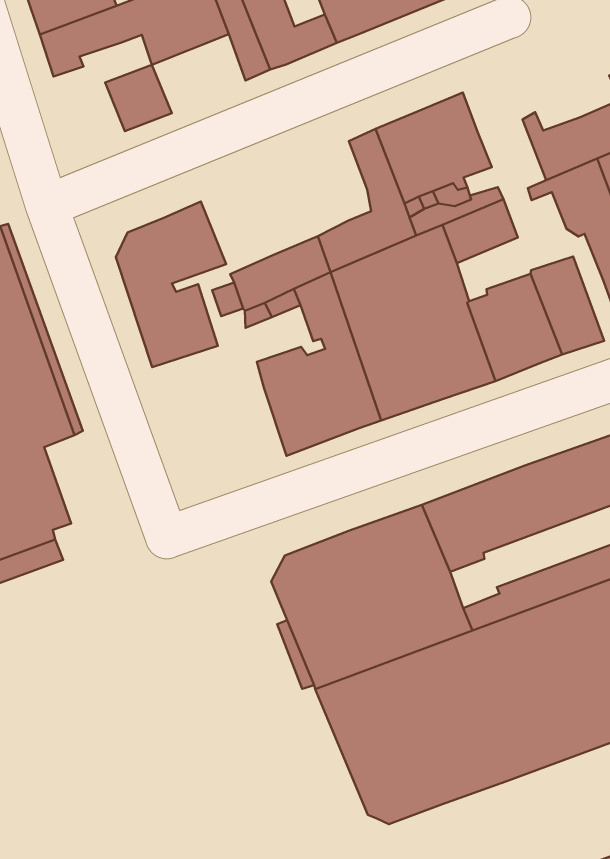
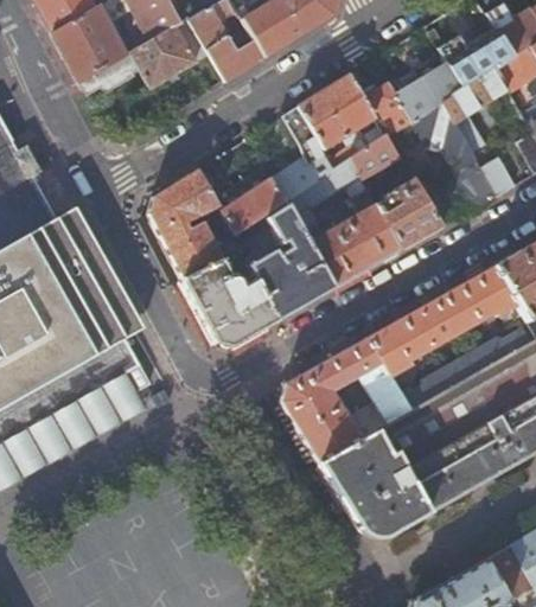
building: [105,65,172,131] -> none
building: none -> [362,81,410,136]
building: none -> [183,249,276,346]

